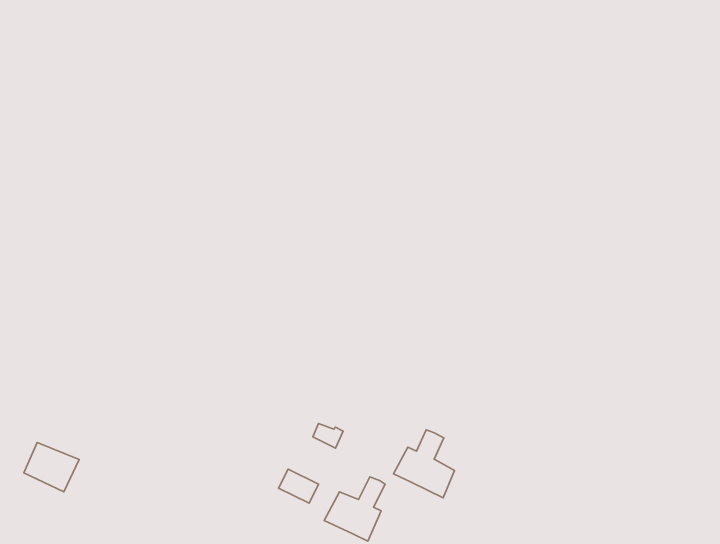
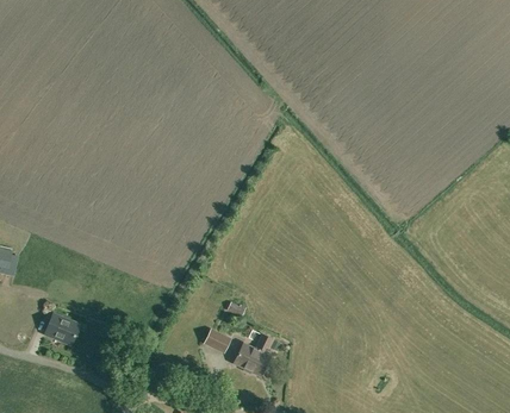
building: [394,430,455,498] -> none

